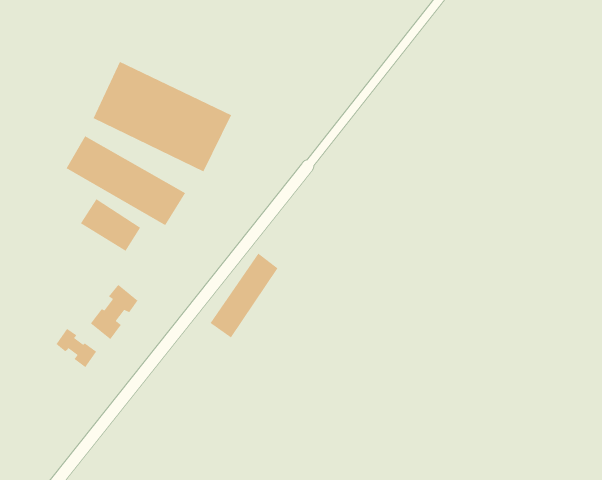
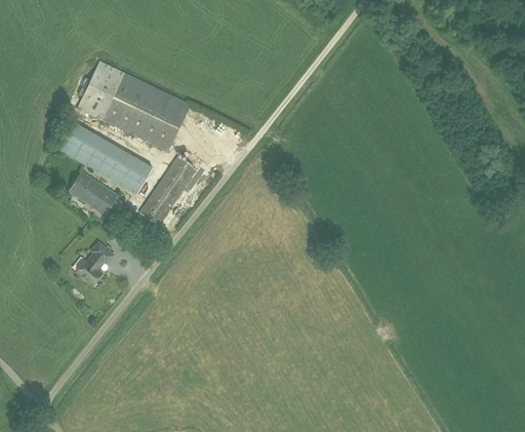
building: [209,253,279,338] -> [139,157,195,226]
building: [56,328,97,368] -> none

